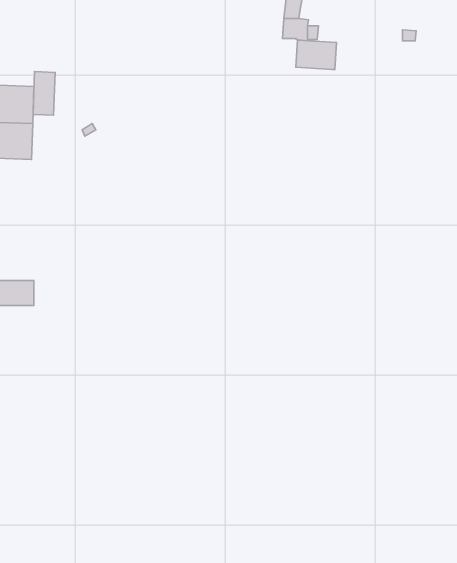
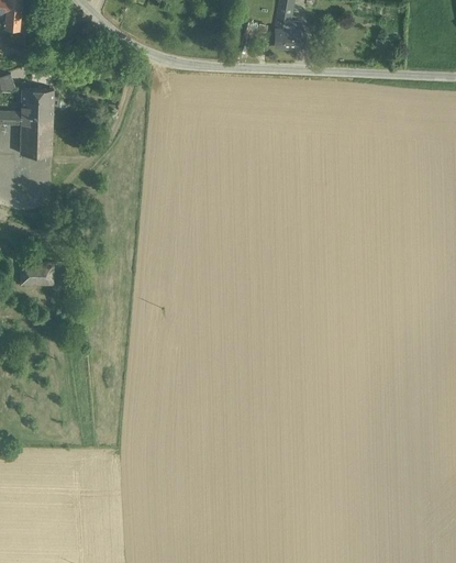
building: [296,40,337,70] -> none
building: [33,72,55,115] -> none

